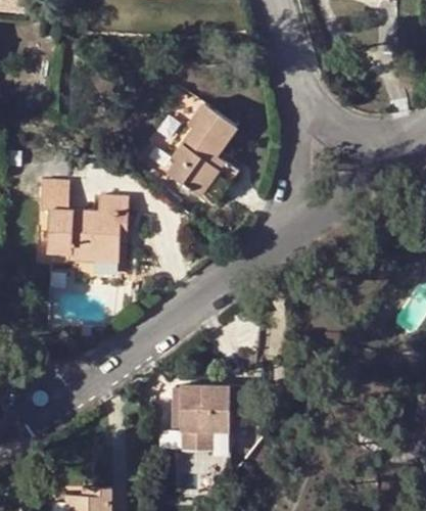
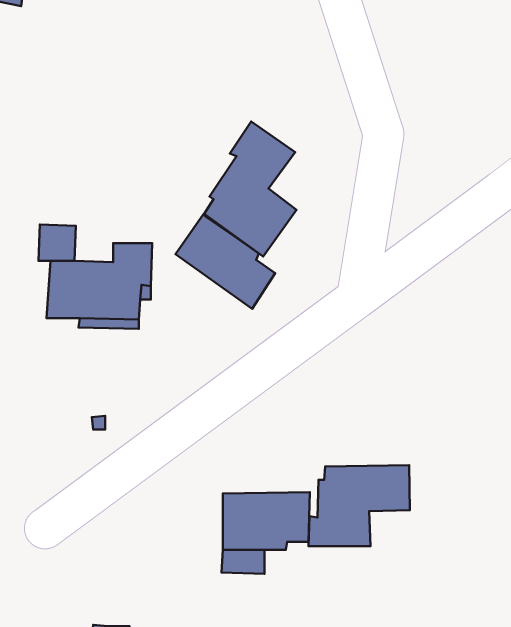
building: none -> [176,215,275,309]
building: none -> [308,465,410,546]

